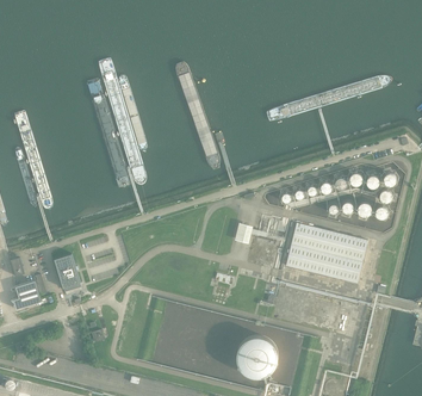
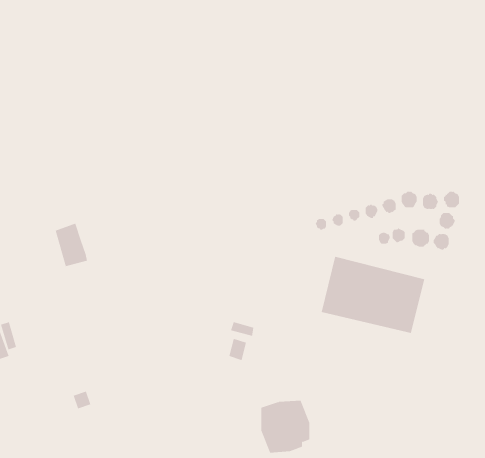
building: [55,254,81,289] -> [55,223,88,267]

